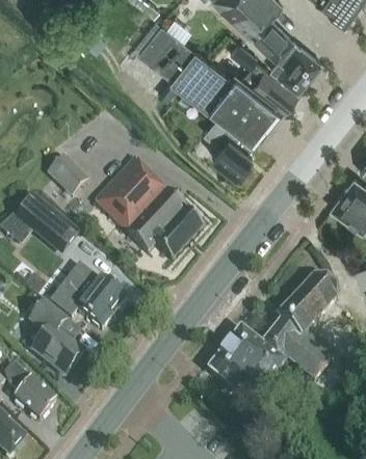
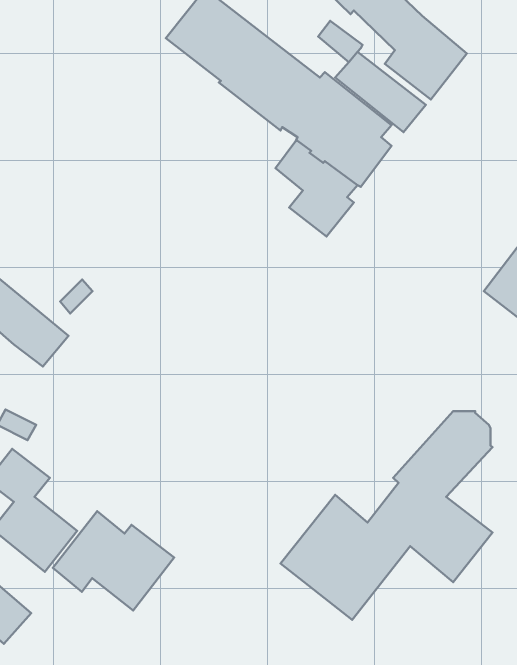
building: [46,155,87,196] -> none
building: [94,158,203,261] -> none
building: [52,269,126,329] -> [53,511,174,611]

